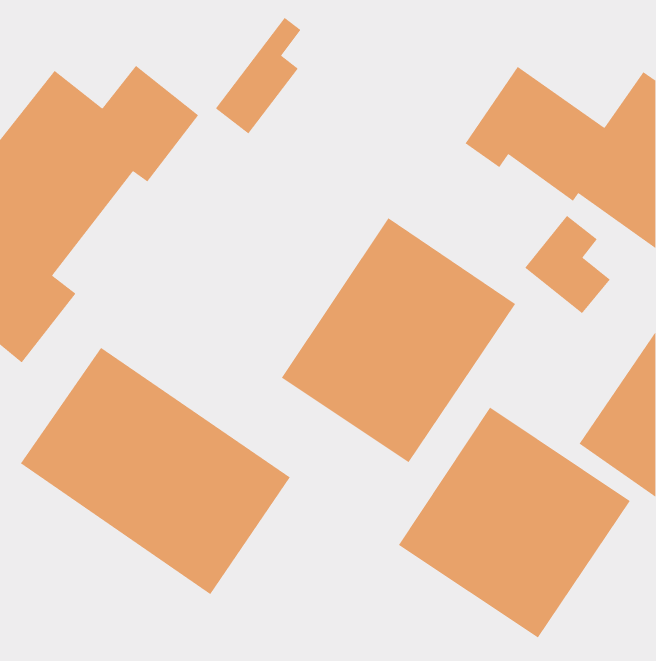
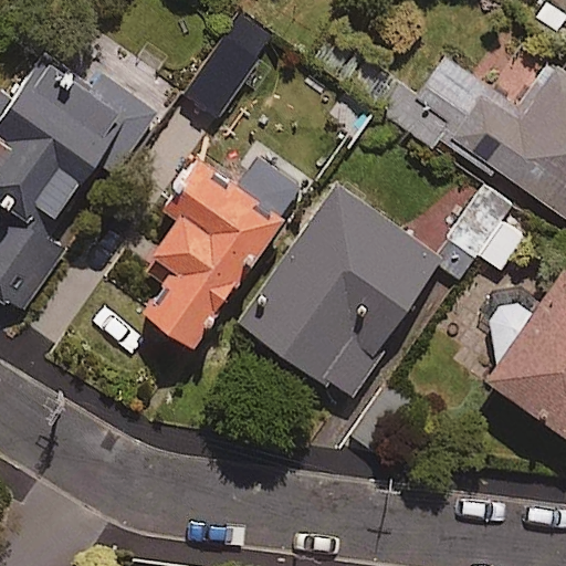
building: none -> [138,160,285,347]
building: [20,347,291,595] -> none
building: [398,406,631,638] -> none

